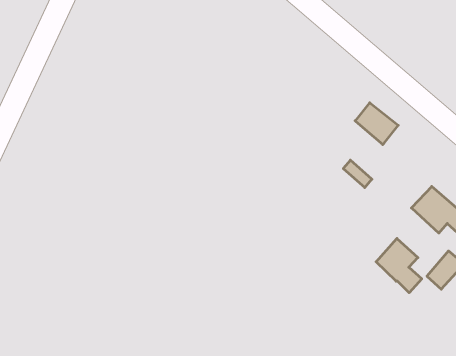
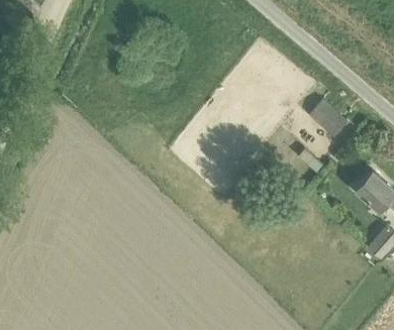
building: [376,238,422,293] -> none

